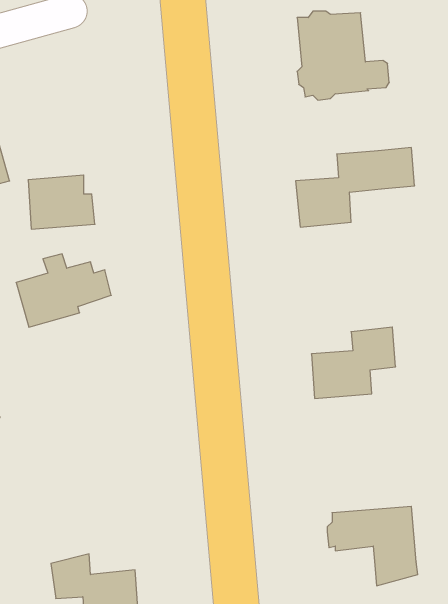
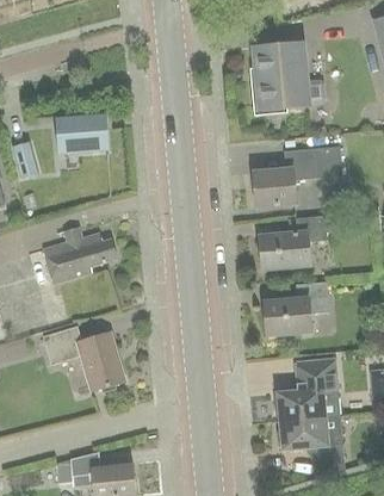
building: [28,175,95,229] -> [57,113,107,154]
building: none -> [259,216,326,269]
building: none -> [42,326,125,391]
building: none -> [273,359,340,421]

